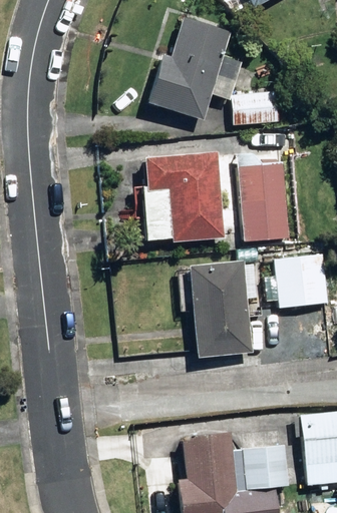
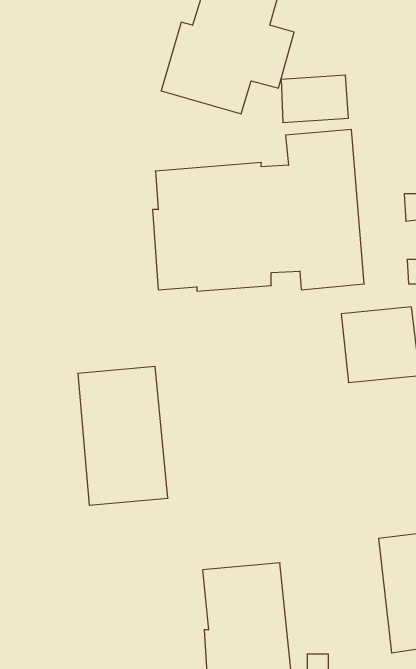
building: [190,260,253,357] -> [78,366,168,505]
building: [243,446,288,488] -> none

